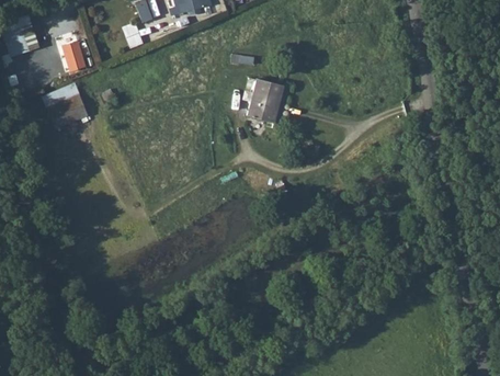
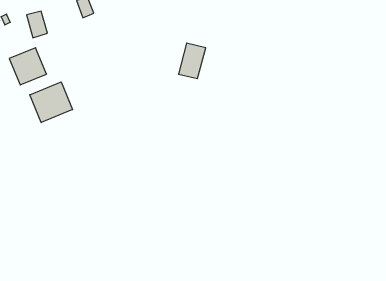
building: none -> [30,82,73,123]

